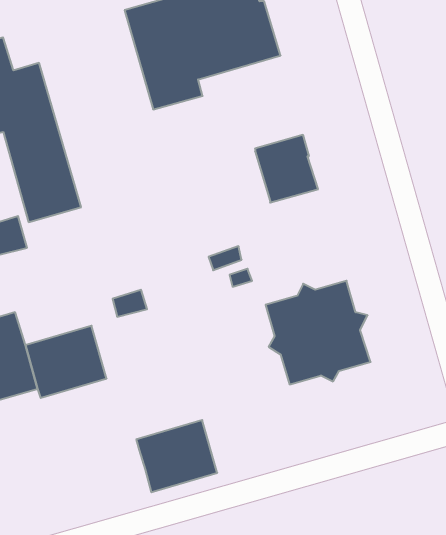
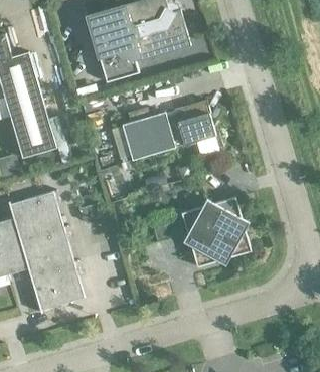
building: none -> [122,111,184,160]
building: none -> [9,191,64,240]
building: [136,420,217,492] -> [30,262,85,311]

